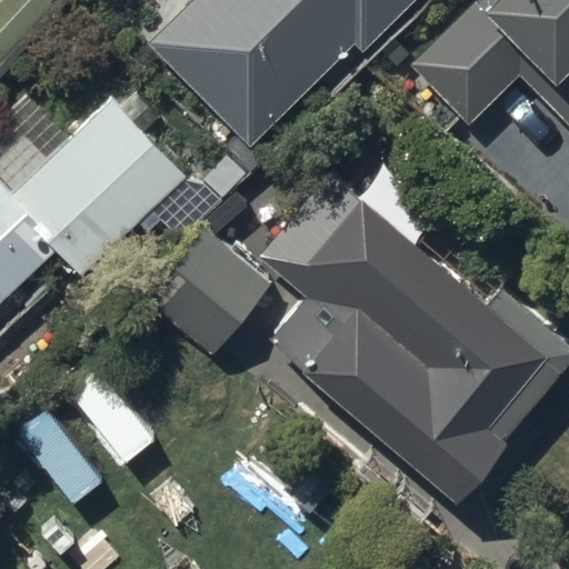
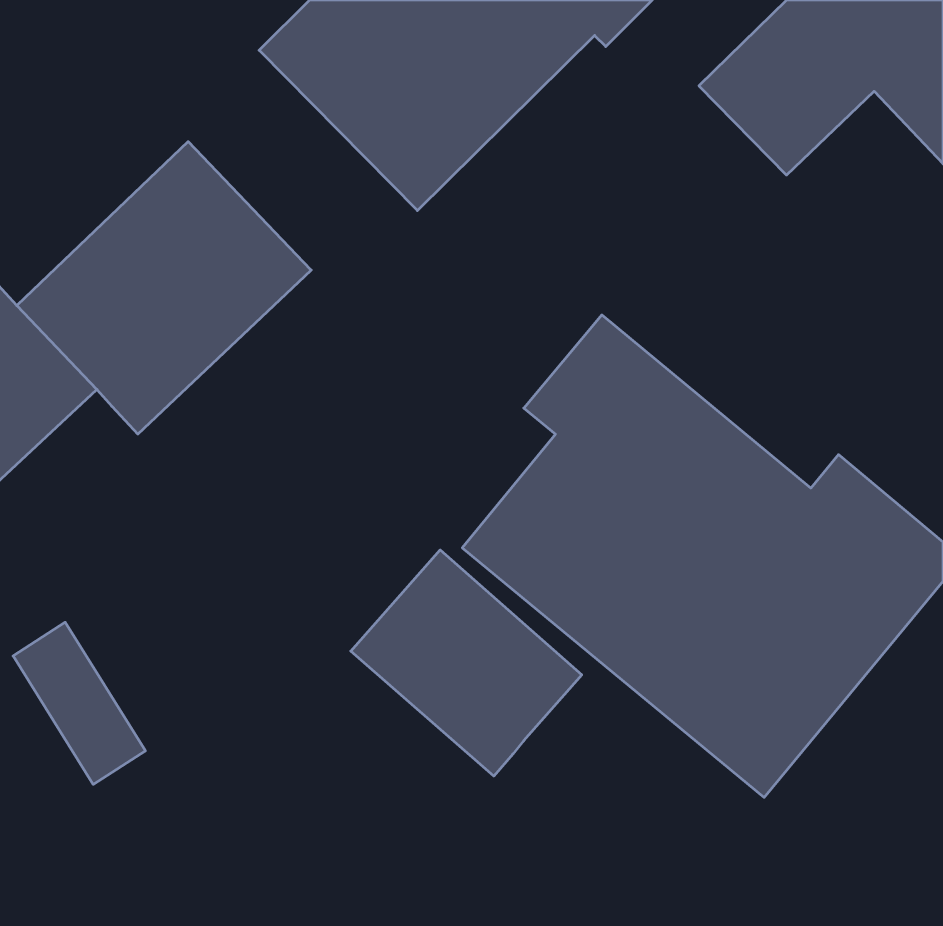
building: [149,232,270,353] -> none
building: none -> [351,550,582,776]

